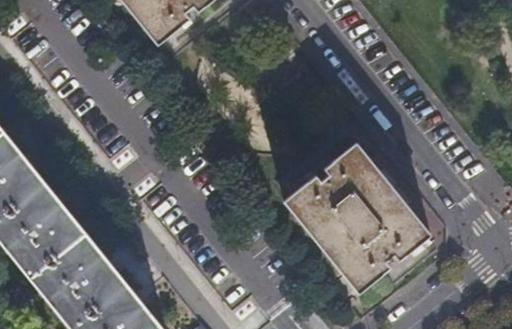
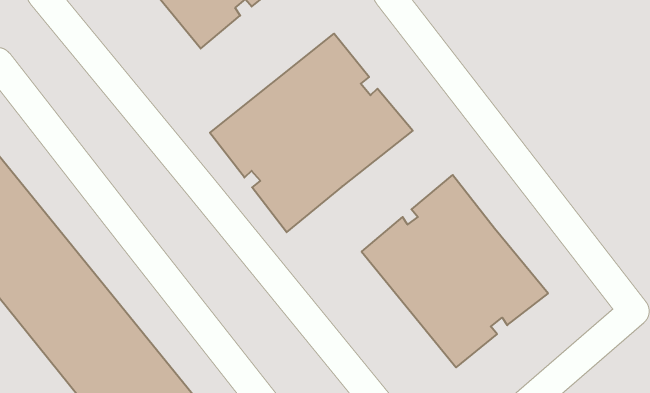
building: none -> [210,34,413,232]

